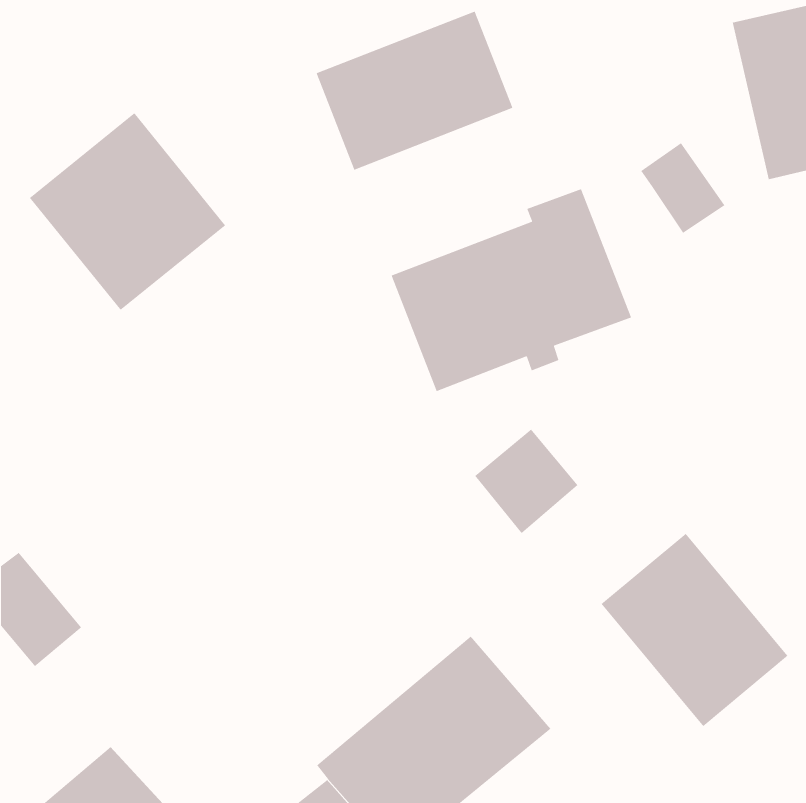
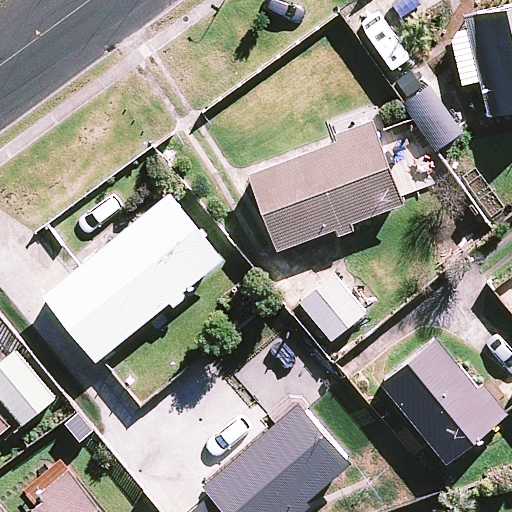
building: [316,10,514,171] -> none
building: [29,112,226,311] -> none
building: none -> [42,193,221,361]

